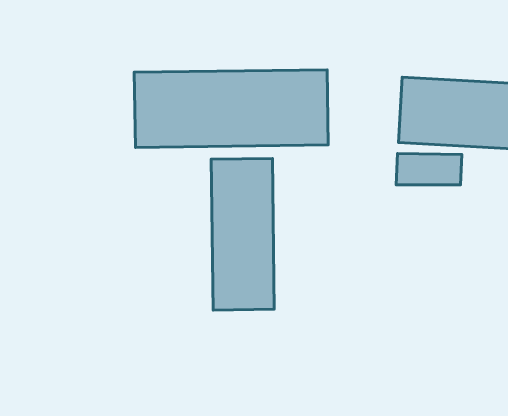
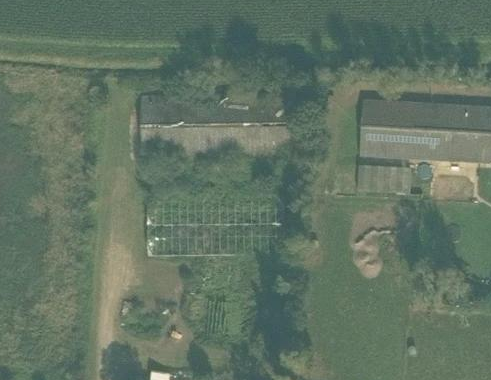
building: [211,158,274,310] -> none

